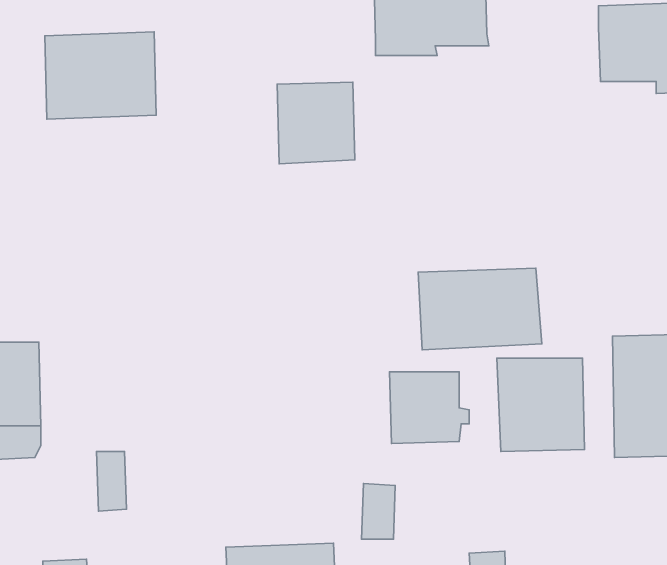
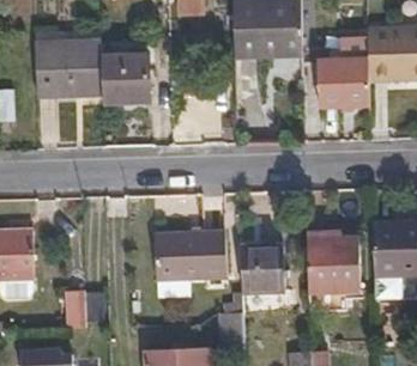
building: none -> [318,38,370,105]
building: [277,82,355,164] -> [103,54,150,103]
building: [418,268,542,350] -> [155,231,229,280]

